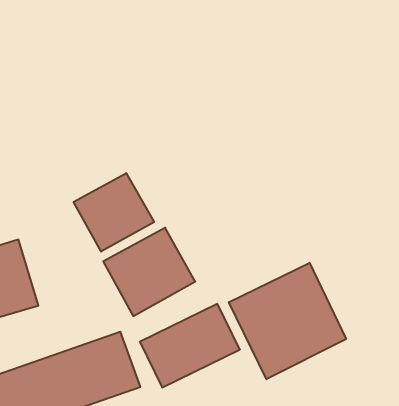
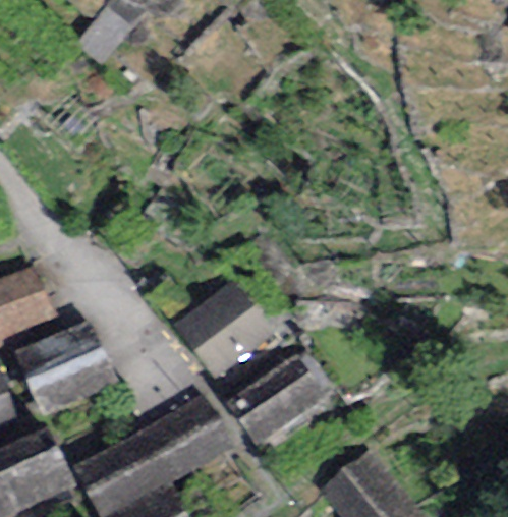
building: [74,173,154,252] -> none
building: [229,263,346,379] -> none

